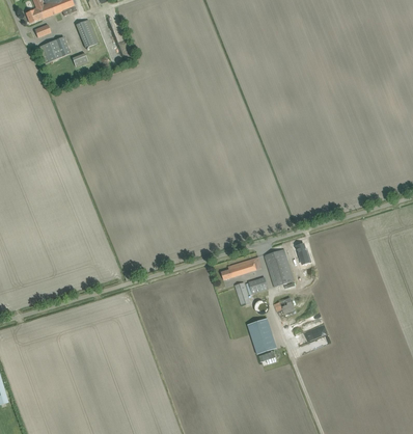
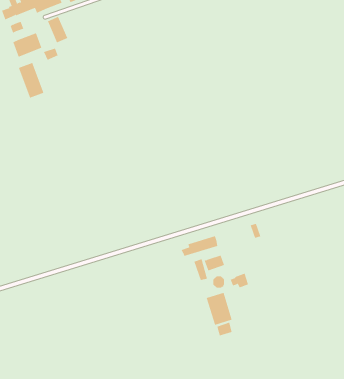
building: none -> [18,62,44,98]
building: [264,249,294,287] -> none

